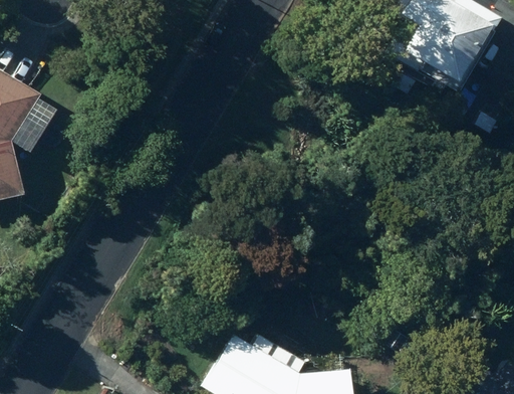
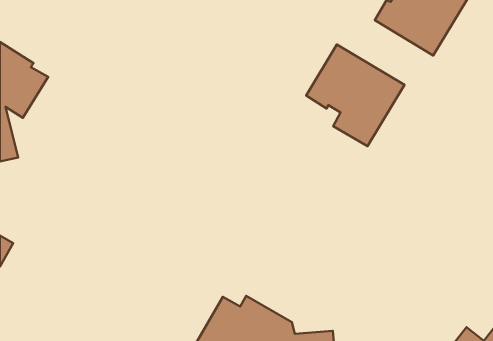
building: none -> [306,44,404,146]

